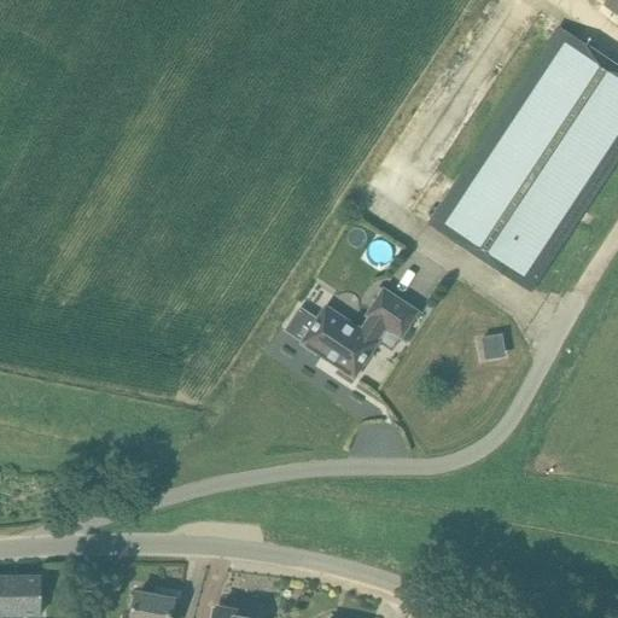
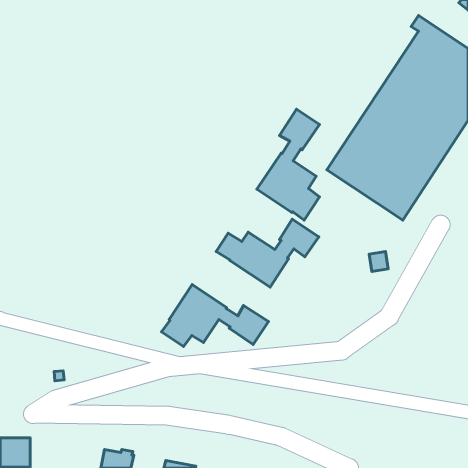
building: none -> [257,109,320,220]
building: none -> [161,285,269,347]

